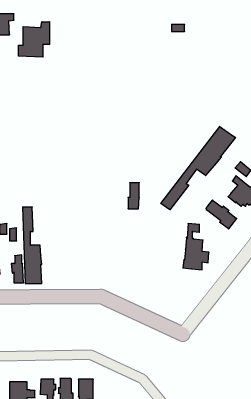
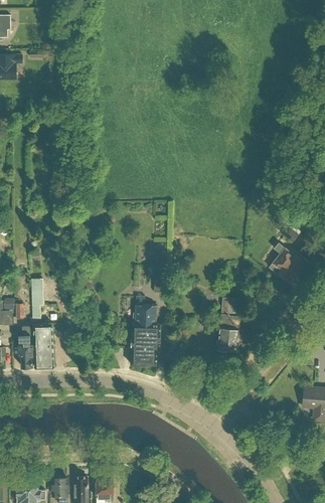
building: [19,22,50,57] -> none
building: [161,126,235,210] -> none
building: [206,200,237,229] -> none
building: none -> [127,296,160,364]

